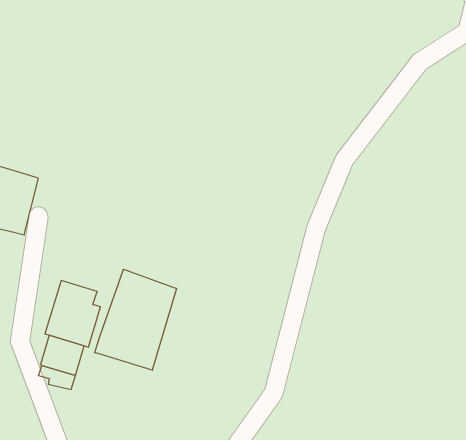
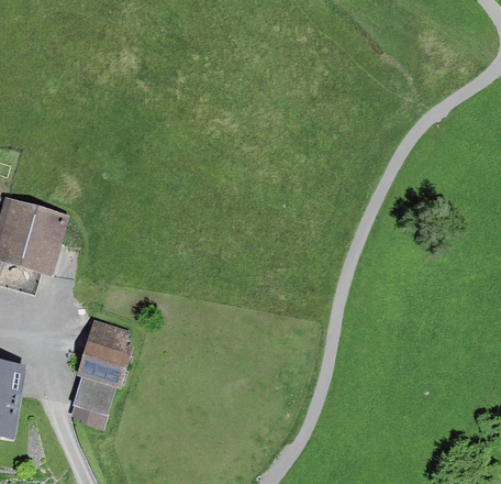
building: [95,269,176,370] -> none

